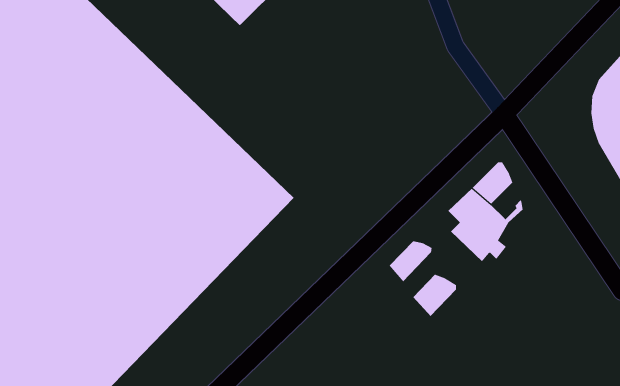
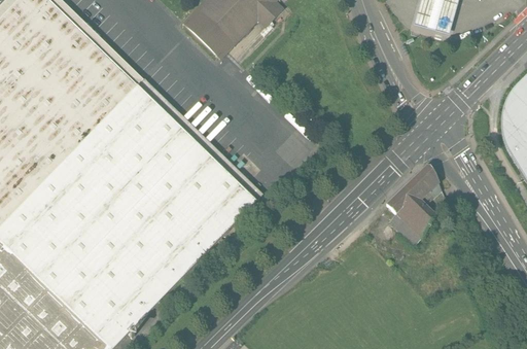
building: [389,240,432,282] -> none
building: [412,274,457,317] -> none

